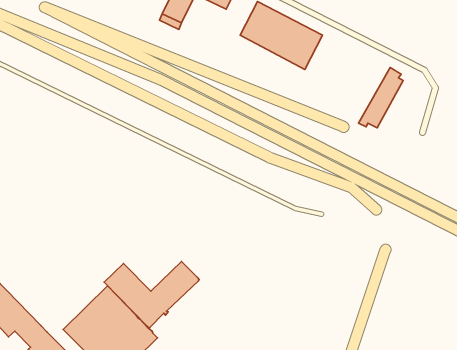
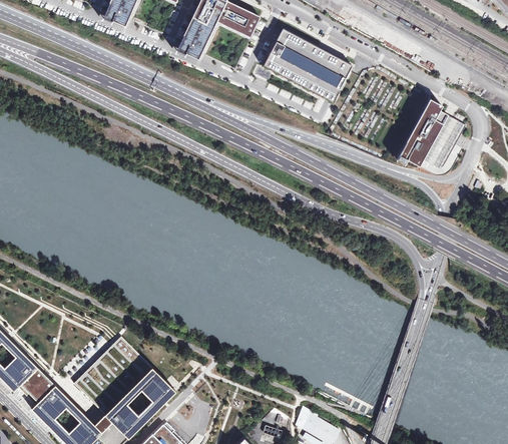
building: none -> [412,114,460,176]
building: [104,261,199,328] -> none

